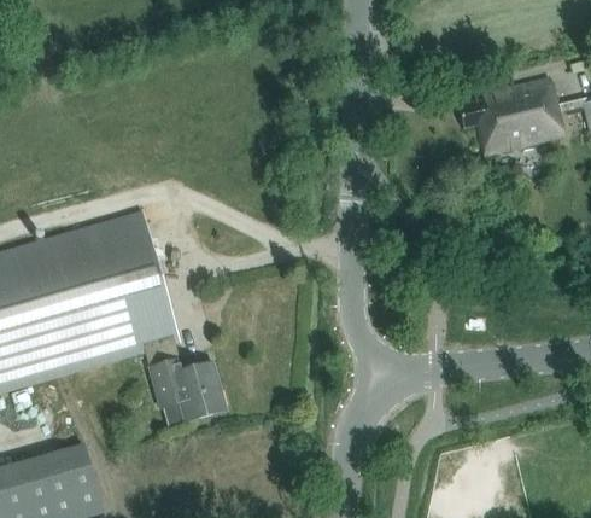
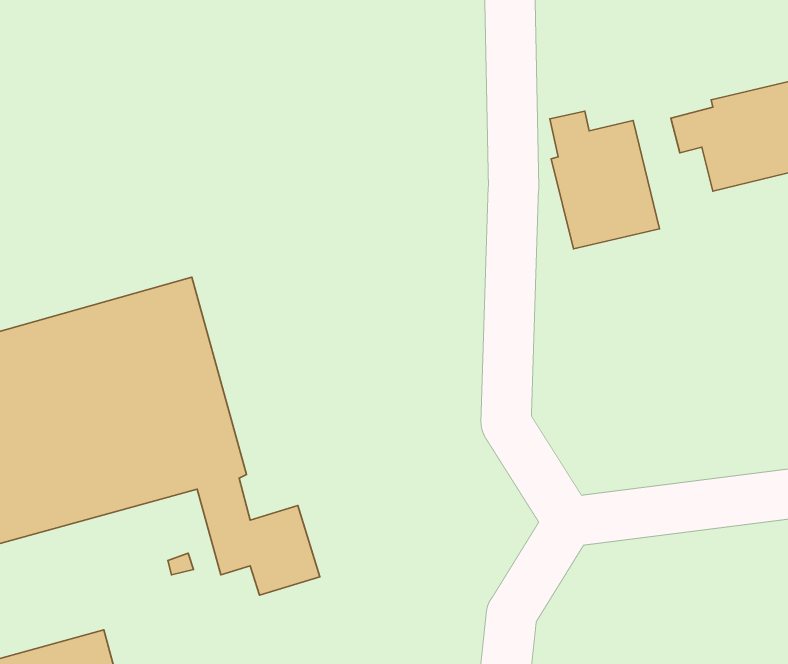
building: none -> [550,111,659,249]

